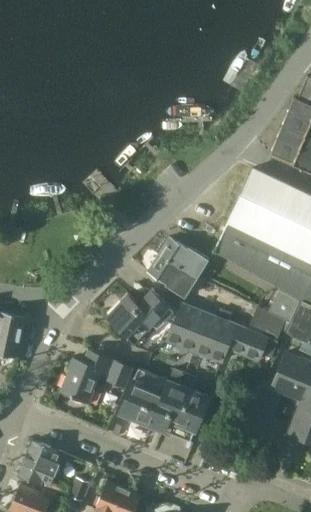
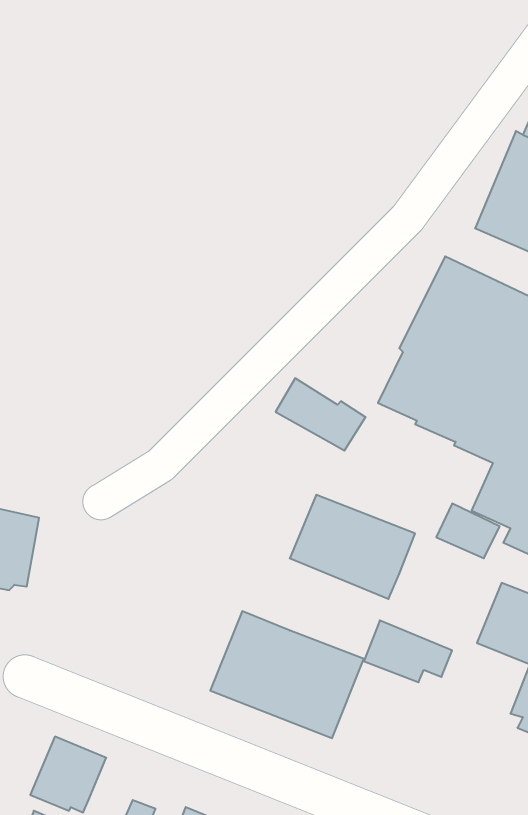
building: [148,258,197,299] -> none
building: [106,291,173,345] -> none
building: [228,327,278,362] -> [364,620,452,682]
building: [60,354,133,404] -> none

